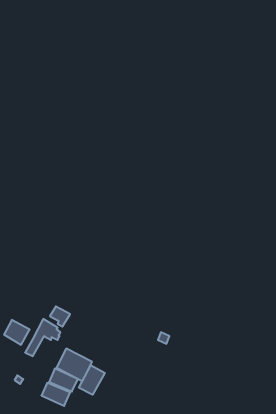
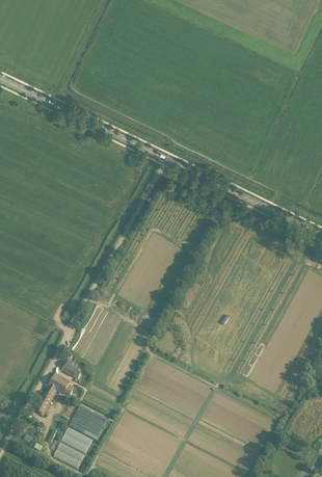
building: [4,320,30,345] -> none
building: [79,365,105,395] -> none

